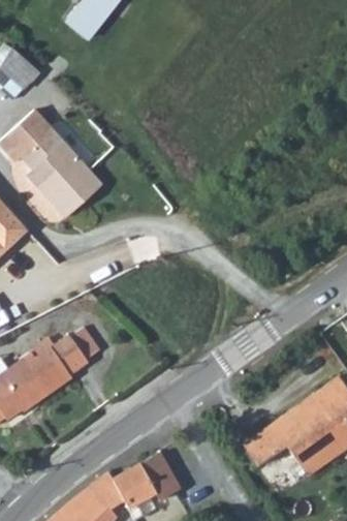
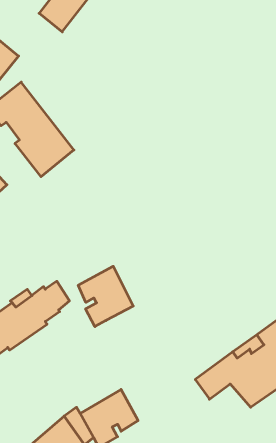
building: none -> [78,266,133,327]

